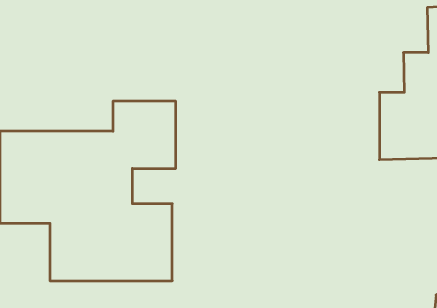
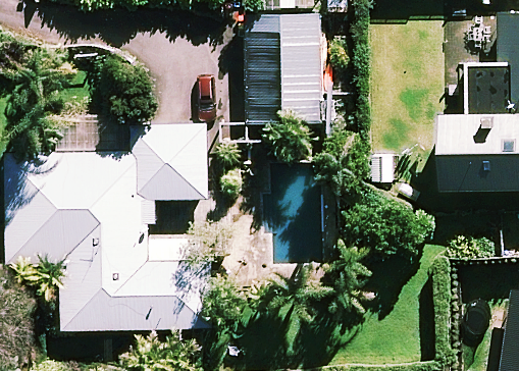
building: none -> [245,13,323,122]

